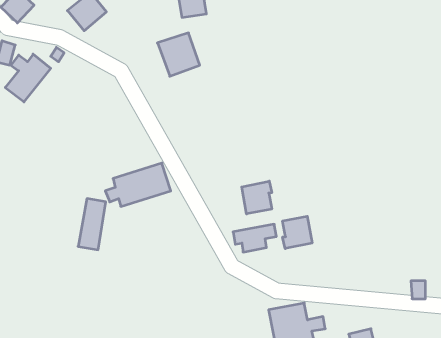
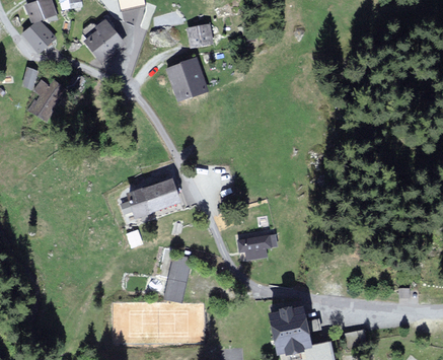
building: [242,181,272,214] -> none
building: [78,199,106,250] -> [164,257,190,303]
building: [283,216,312,249] -> none

